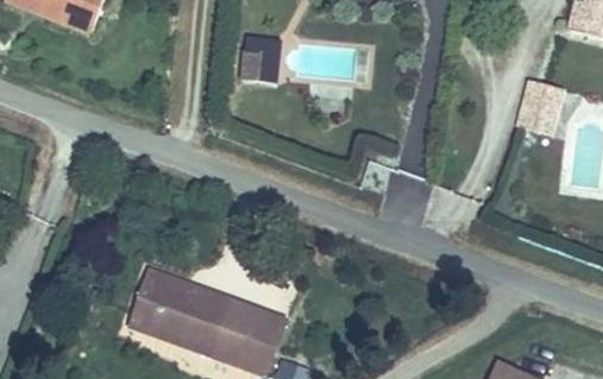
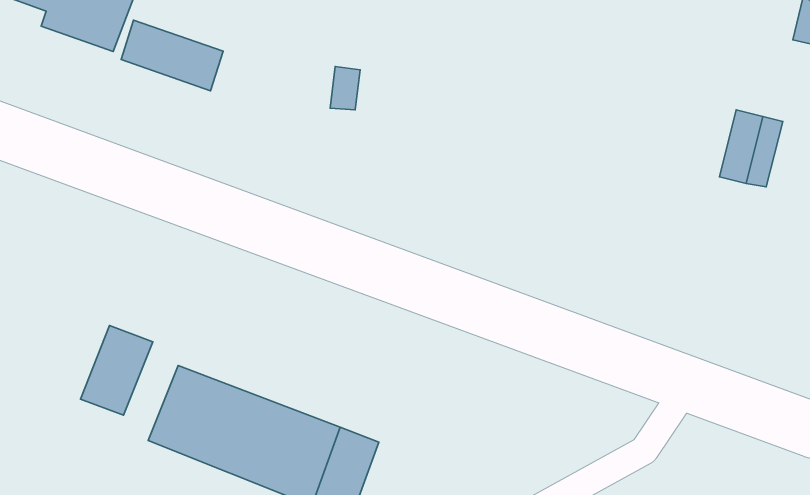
building: none -> [121,20,223,91]
building: none -> [80,326,153,415]

